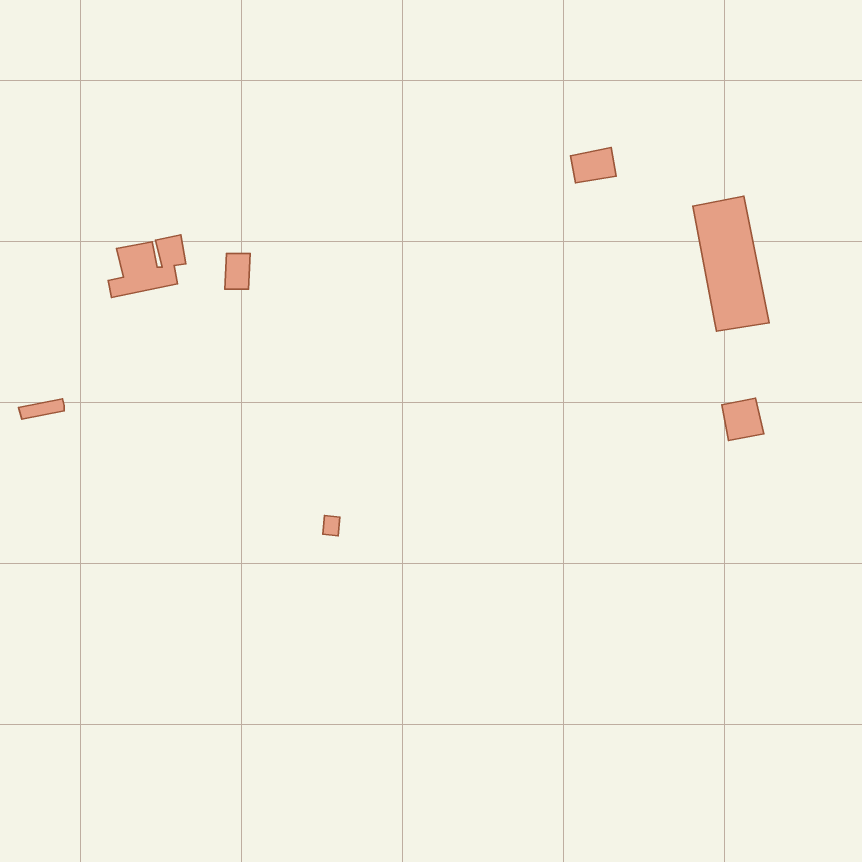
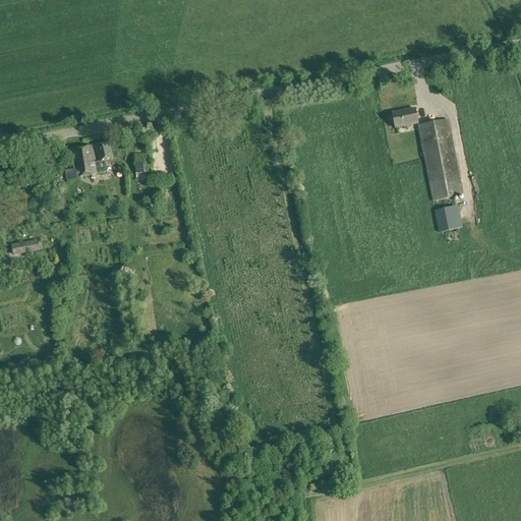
building: [571,147,616,183] -> [391,106,418,127]
building: [722,398,764,440] -> [435,206,460,231]

